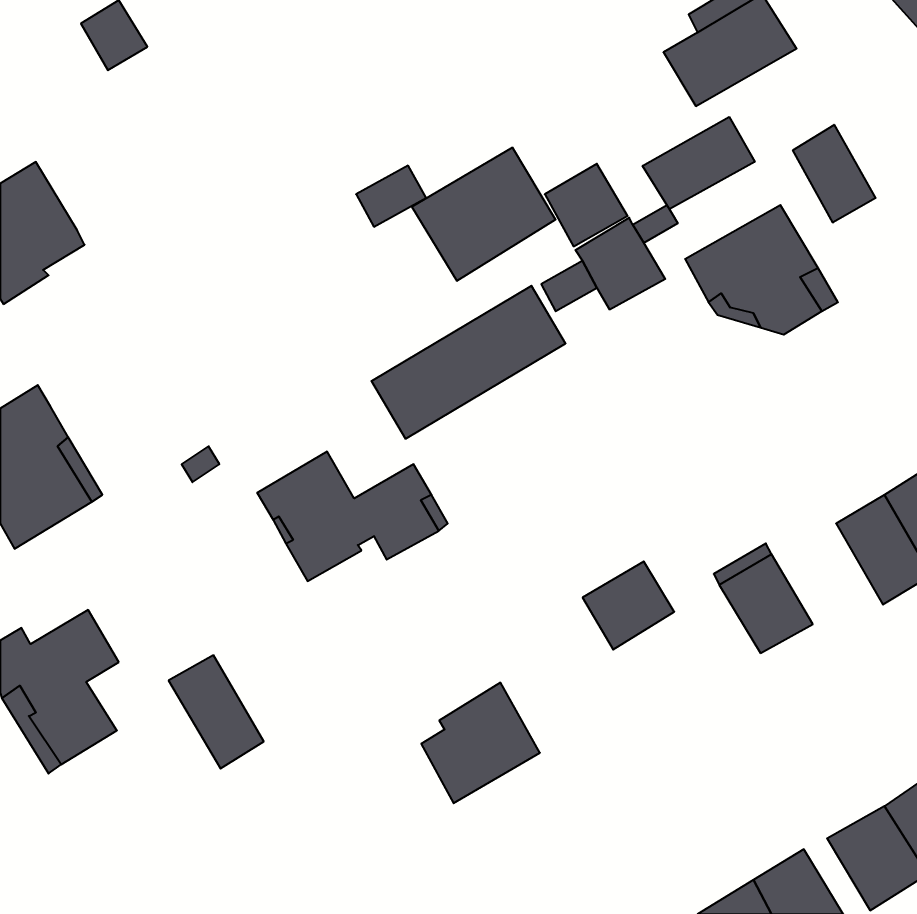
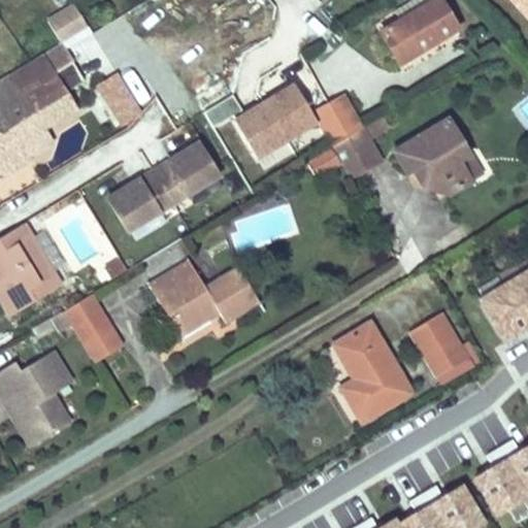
building: none -> [10,42,88,132]
building: [643,117,755,209] -> none
building: [793,125,876,223] -> none
building: none -> [96,72,142,126]
building: [371,286,566,439] -> [108,141,220,229]
building: [169,655,264,769] -> [65,293,120,358]
building: [421,683,540,803] -> [342,351,410,420]

